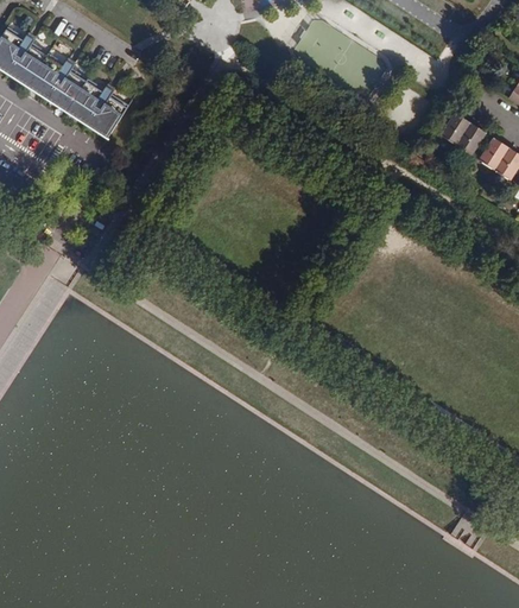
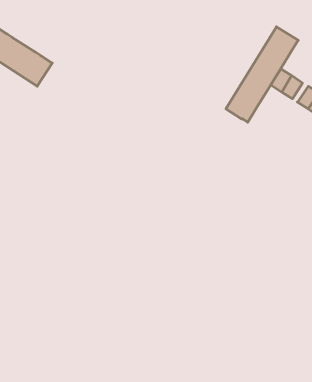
building: none -> [226,27,298,122]

